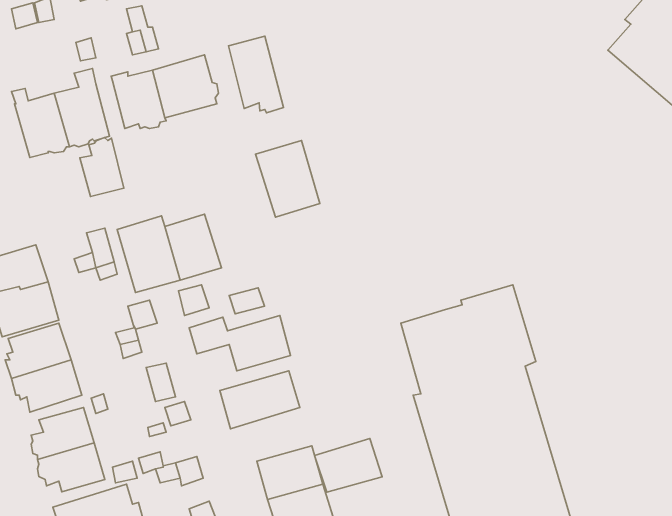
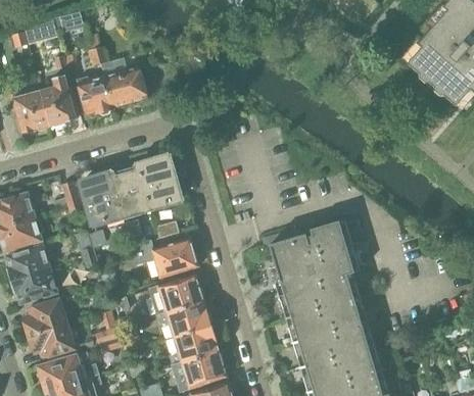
building: [228,36,284,113] -> none
building: [80,138,124,196] -> none
building: [255,141,320,217] -> [137,157,180,208]
building: [315,439,382,492] -> [165,301,210,337]

